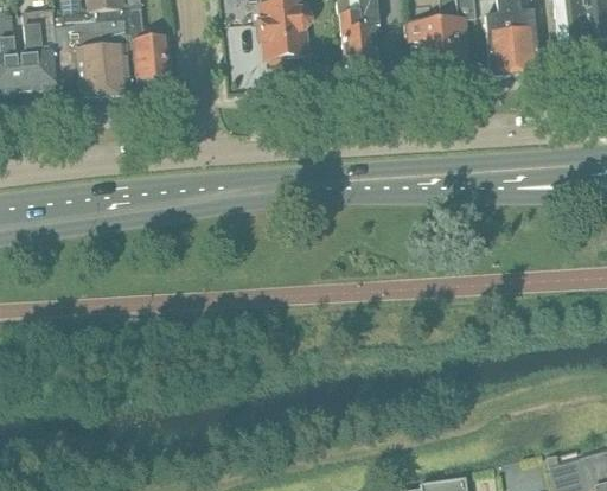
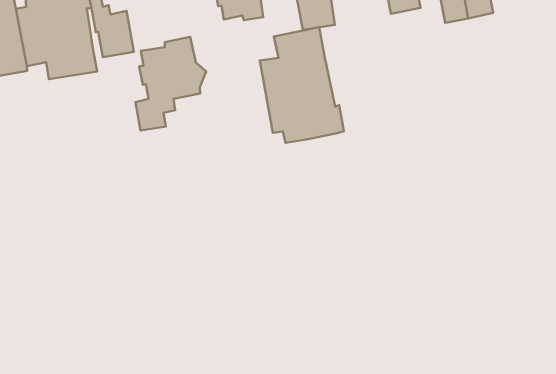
building: none -> [135,37,206,130]
building: none -> [260,27,344,143]

